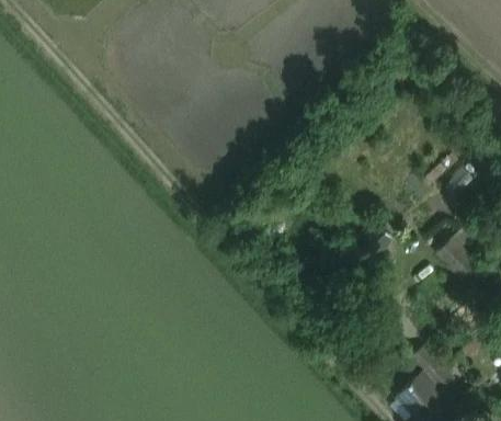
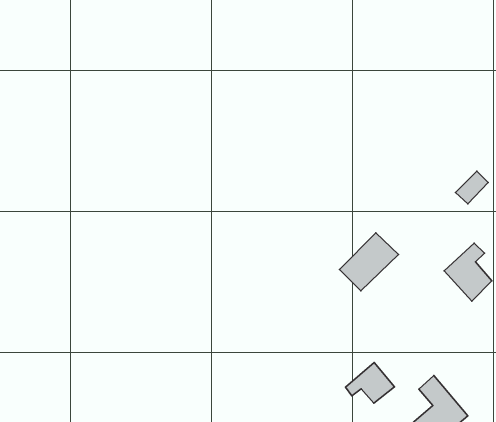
building: none -> [345,363,395,403]

